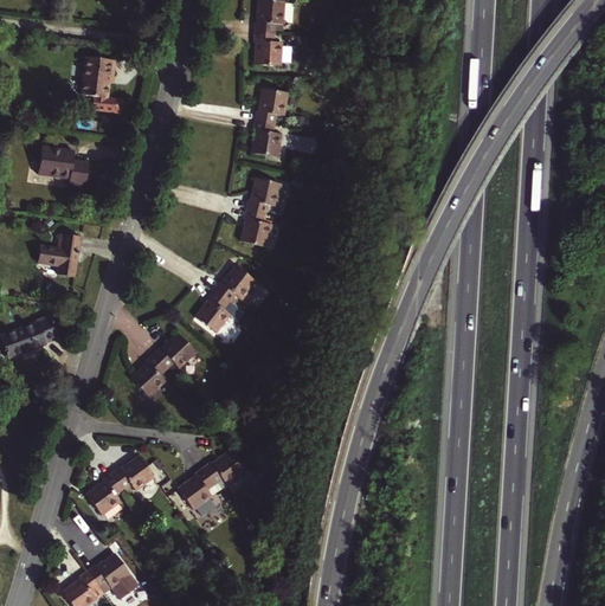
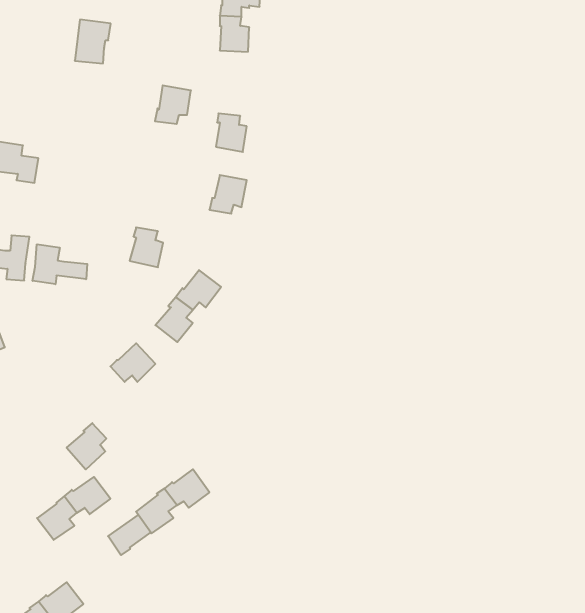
building: [82,57,115,97] -> [75,20,111,63]
building: [253,89,287,124] -> [155,85,191,124]
building: [239,211,270,247] -> [130,227,163,267]
building: none -> [33,244,87,284]
building: [130,355,167,398] -> [67,423,106,469]
building: none -> [108,515,151,555]

